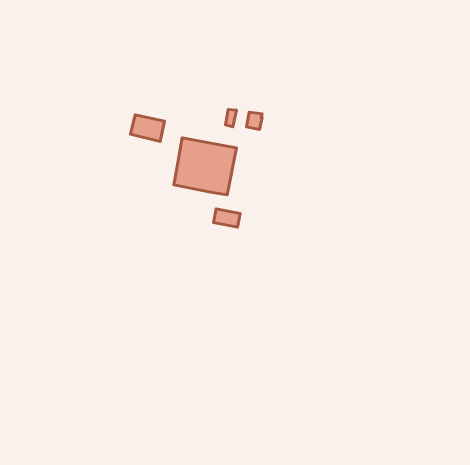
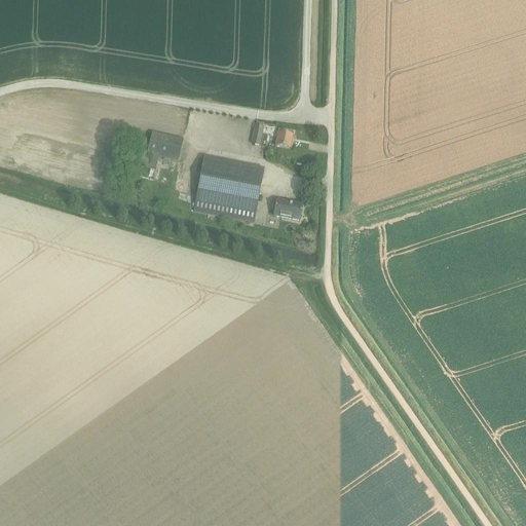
building: [213,209,240,227] -> [273,196,303,217]

